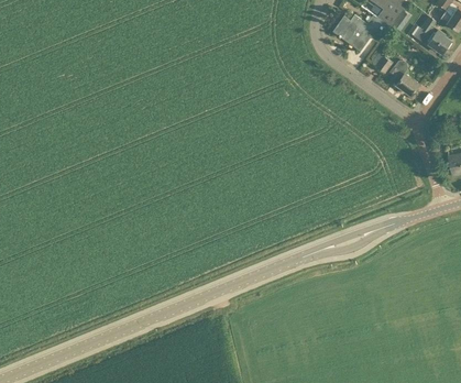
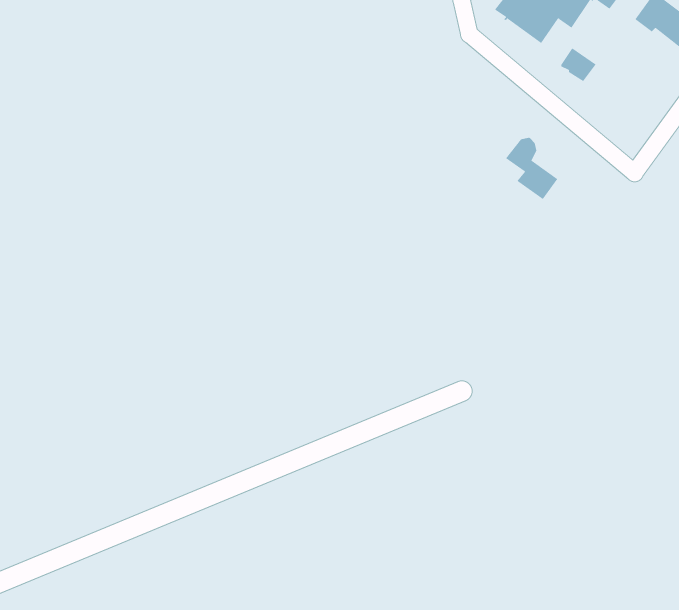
building: [388,59,419,96] -> [505,137,558,200]

